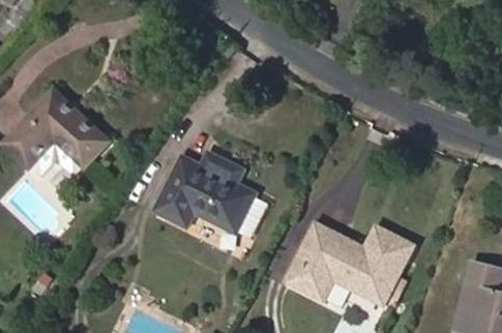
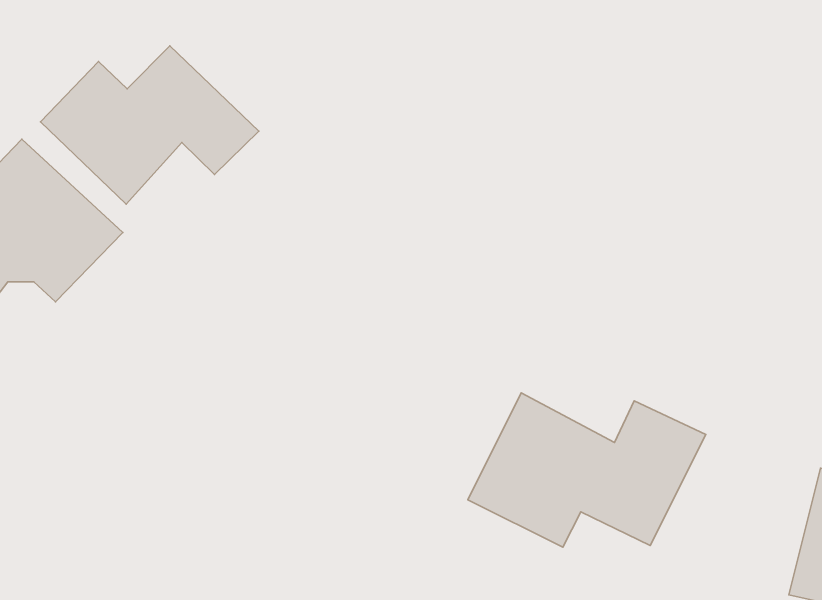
building: none -> [41,46,259,204]
building: [157,149,268,237] -> none

